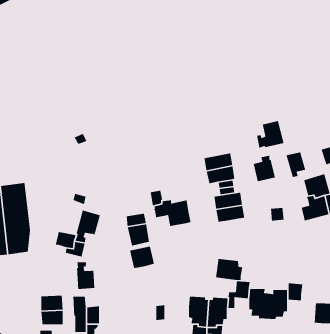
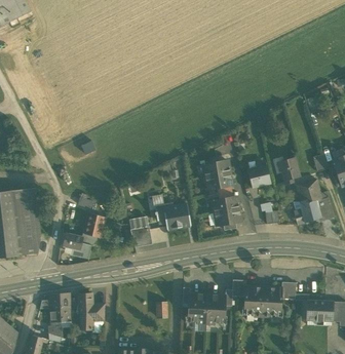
building: [256,120,285,149] -> none
building: [129,246,155,269] -> none
building: [215,258,243,281] -> none
building: [76,262,95,290] -> none

